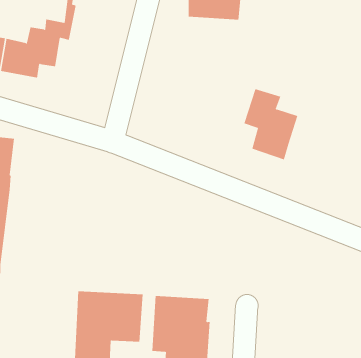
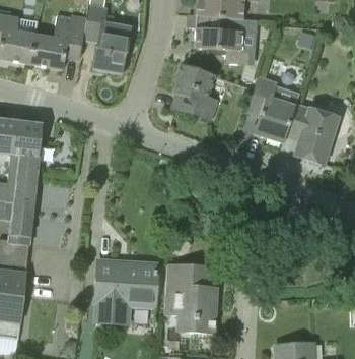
building: none -> [91,5,131,73]
building: none -> [189,15,257,64]
building: none -> [174,65,216,119]
building: none -> [287,104,339,164]

